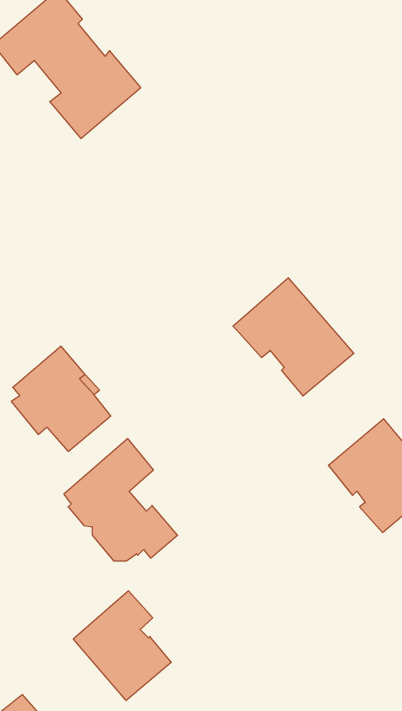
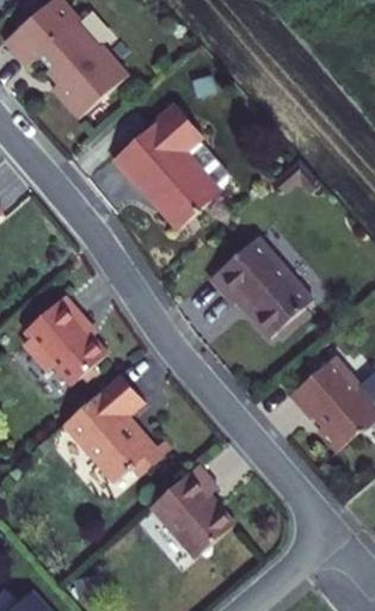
building: none -> [115,105,220,229]
building: [73,591,171,700] -> [149,464,232,556]

